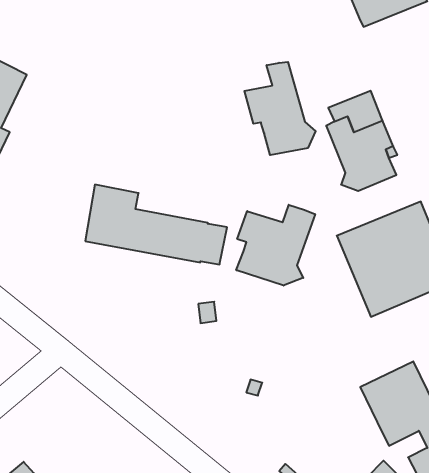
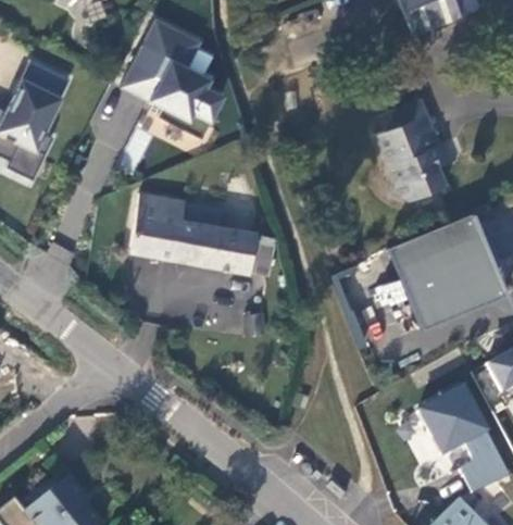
building: none -> [118,18,225,140]
building: [244,62,316,155] -> none
building: [236,205,315,286] -> none

